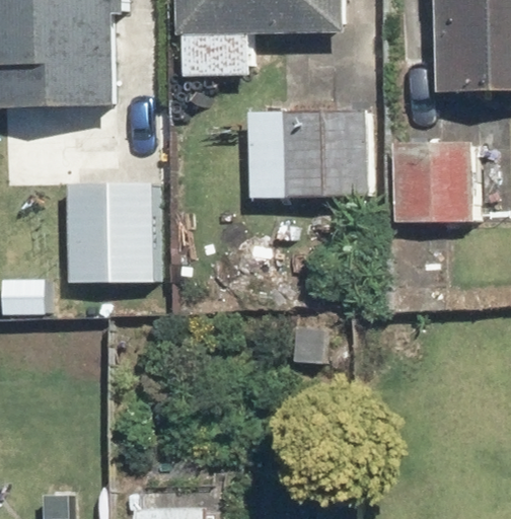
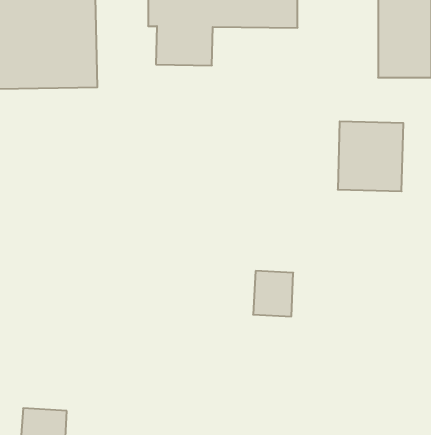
building: [247,110,367,196] -> none
building: [65,167,153,283] -> none

